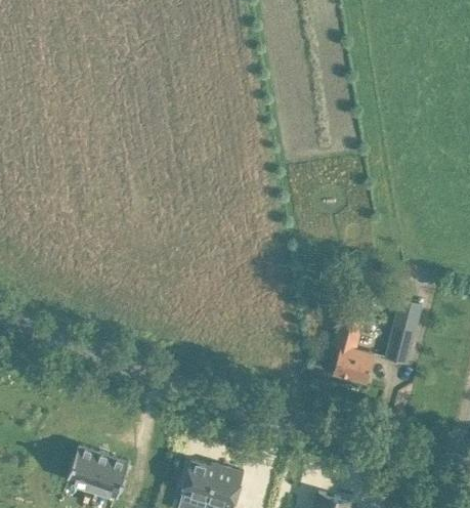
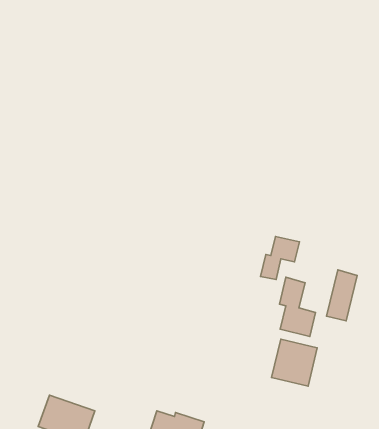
building: none -> [260,236,299,280]
building: none -> [272,339,317,386]

